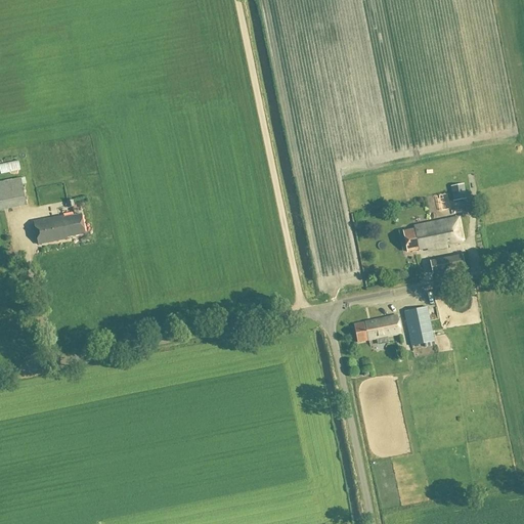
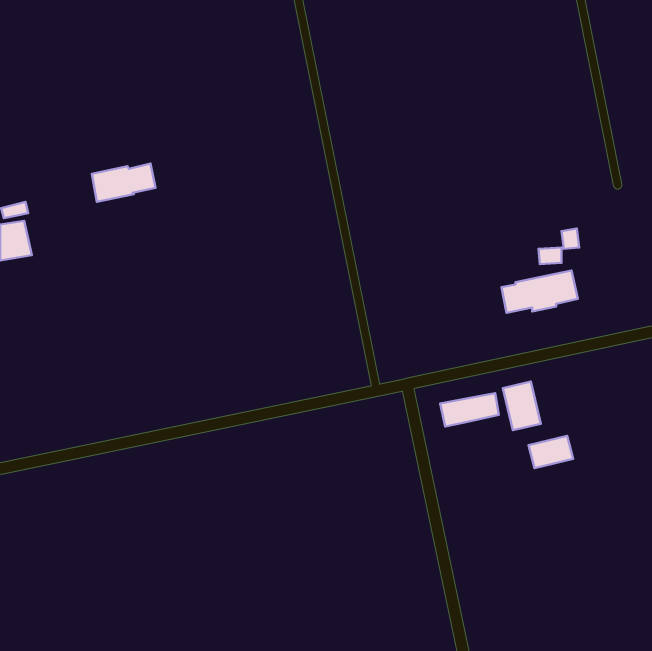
building: [33,213,84,244] -> [92,164,156,202]
building: none -> [529,436,573,468]

